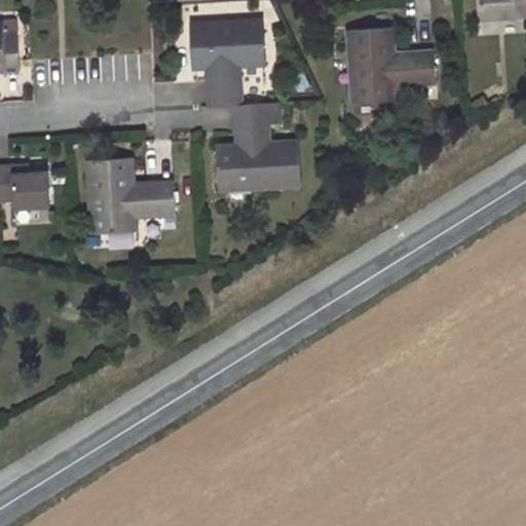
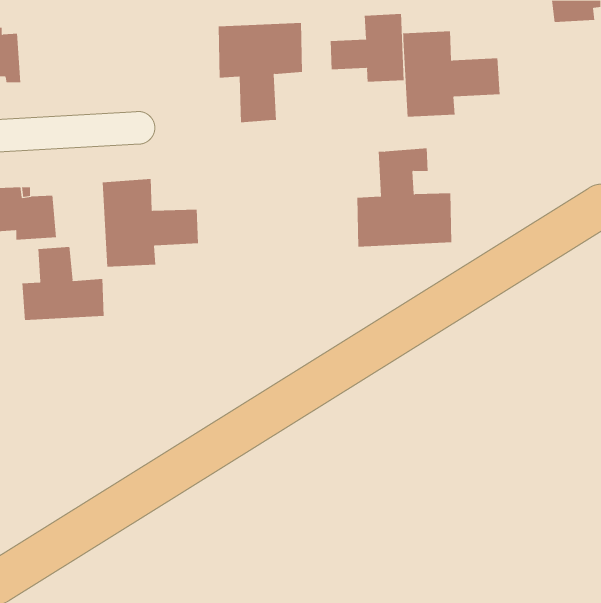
building: none -> [330,13,404,83]
building: [216,103,299,189] -> [356,148,452,247]
building: none -> [22,246,104,321]

